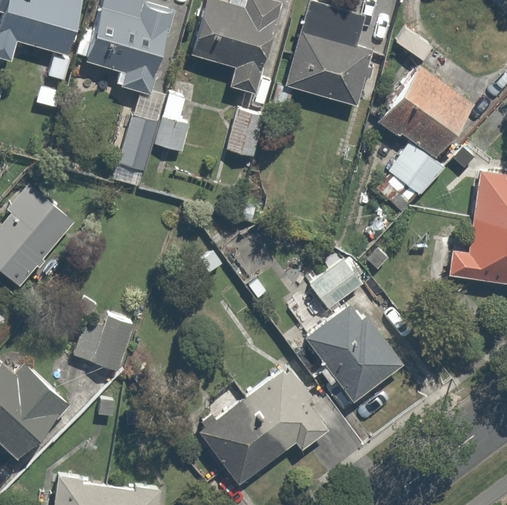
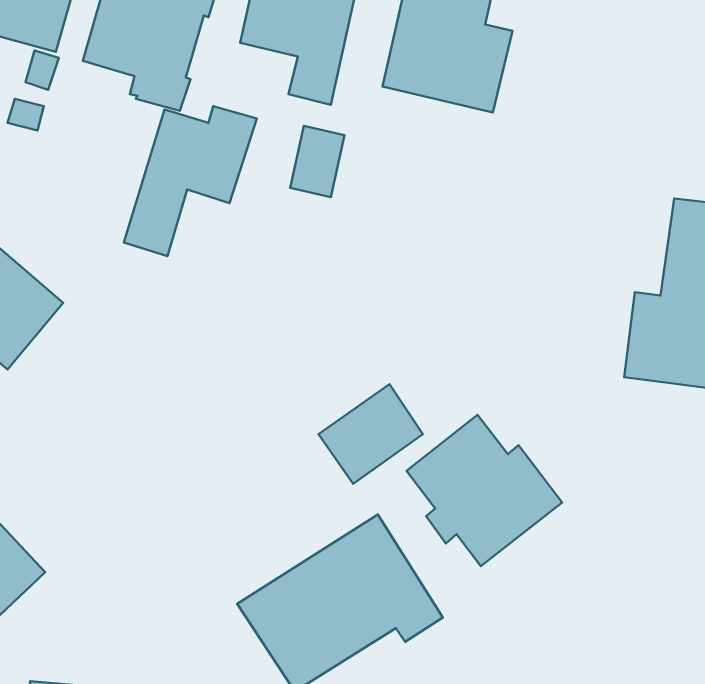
building: [371,64,470,212] -> none
building: [302,243,371,309] -> [318,384,423,484]
building: [71,314,139,373] -> none

